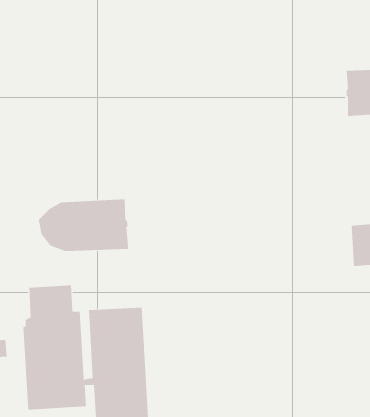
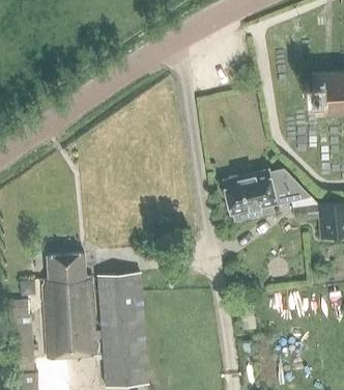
building: none -> [222,170,309,222]
building: [38,198,129,252] -> none

